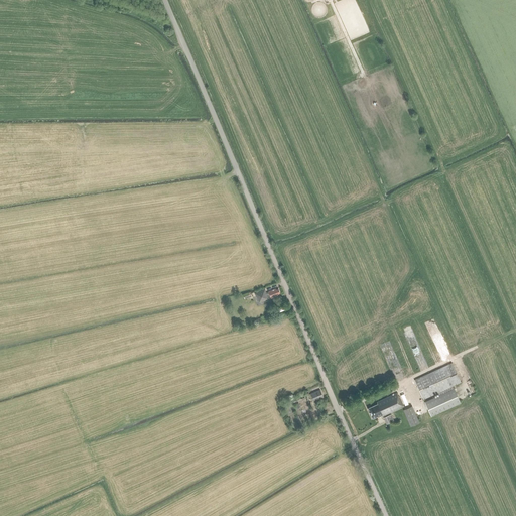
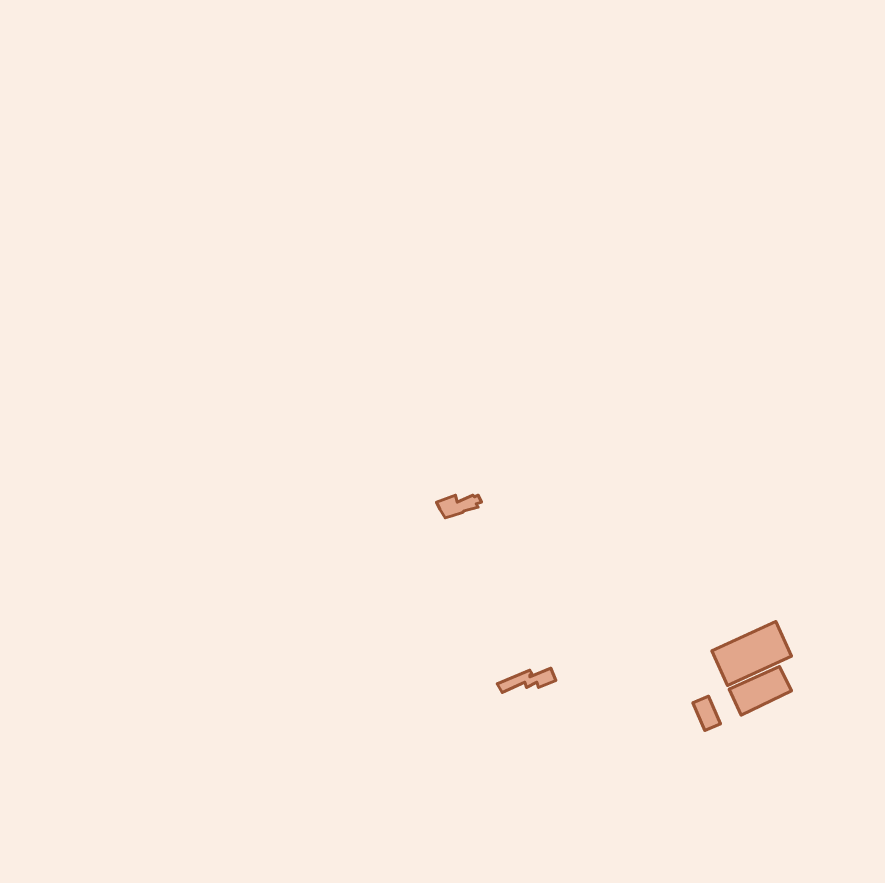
building: [368,392,404,417] -> none

